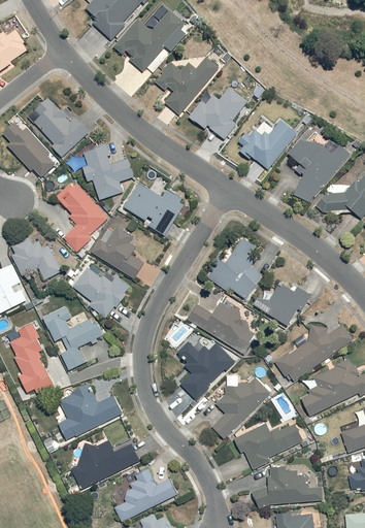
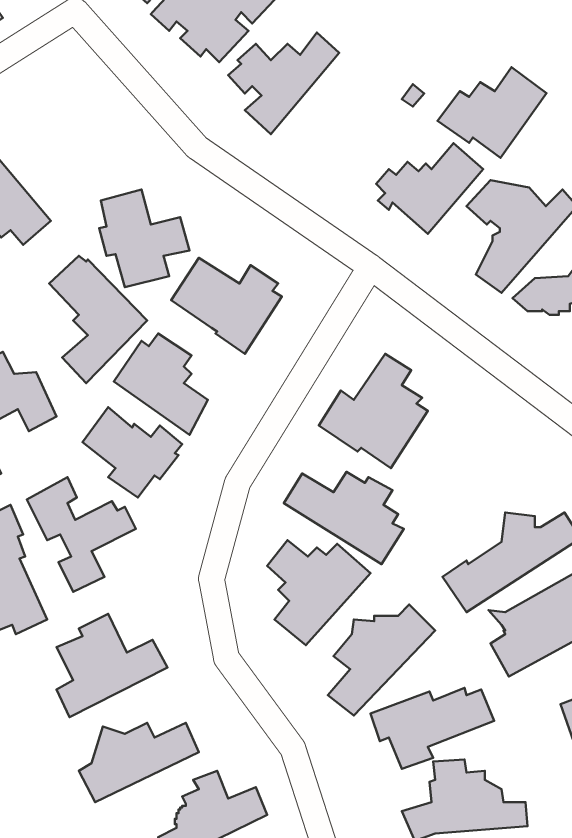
building: [188,87,248,137] -> [438,67,547,158]
building: [32,98,89,158] -> none
building: [253,283,310,326] -> none

